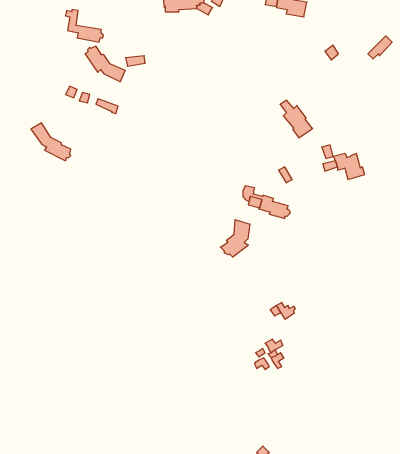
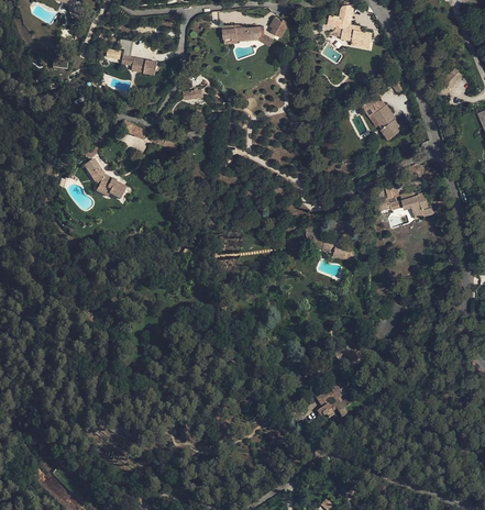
building: [85,46,125,82] -> none
building: [280,100,313,138] -> [367,99,401,138]
building: [220,220,250,257] -> none

